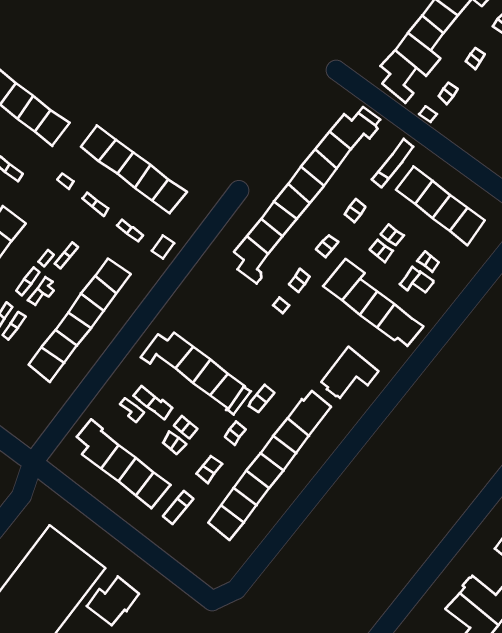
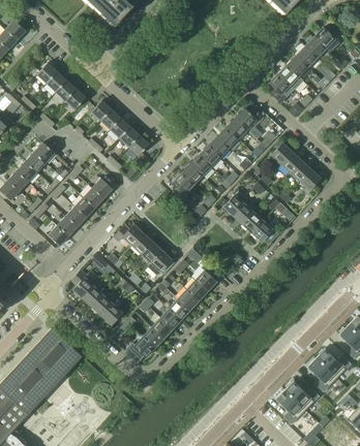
building: [321,347,378,398] -> none
building: [87,576,139,625] -> [124,336,155,363]

